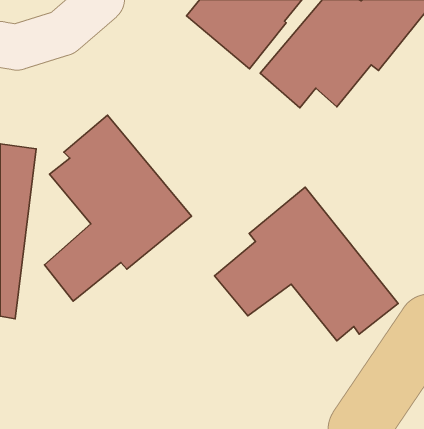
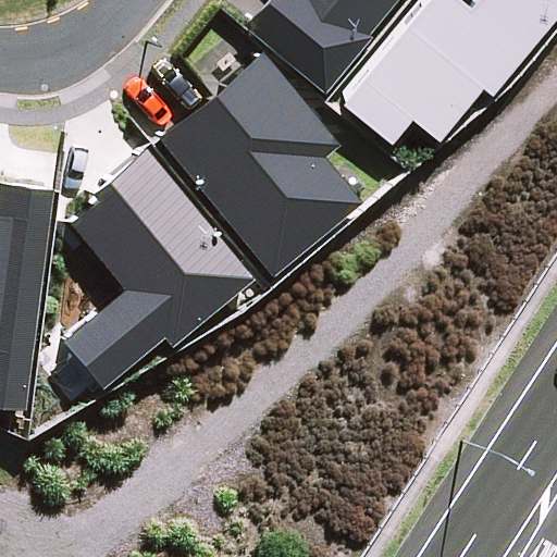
building: none -> [160,52,363,277]
building: [215,187,398,341] -> none

